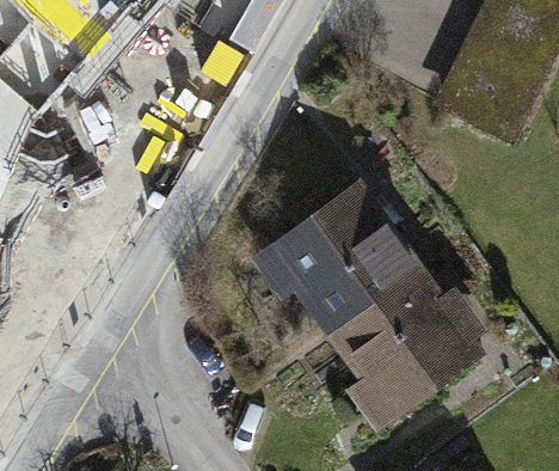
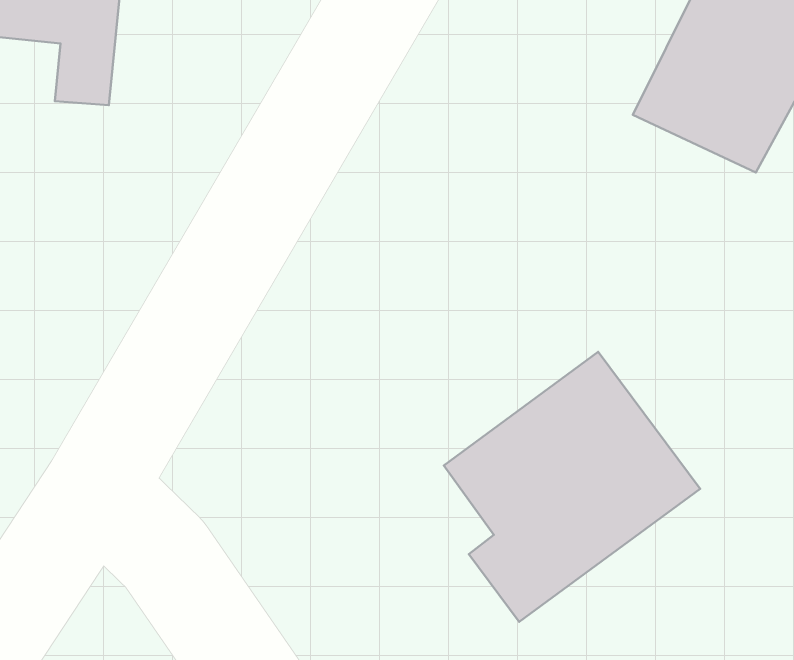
building: [244,172,419,330] -> none

